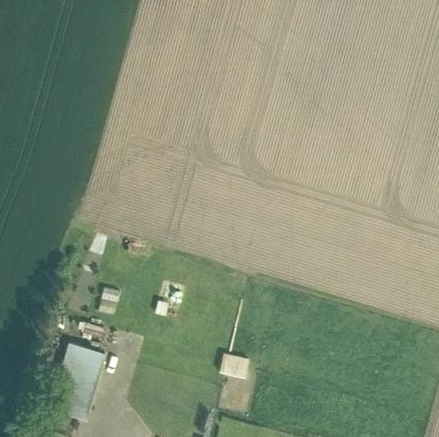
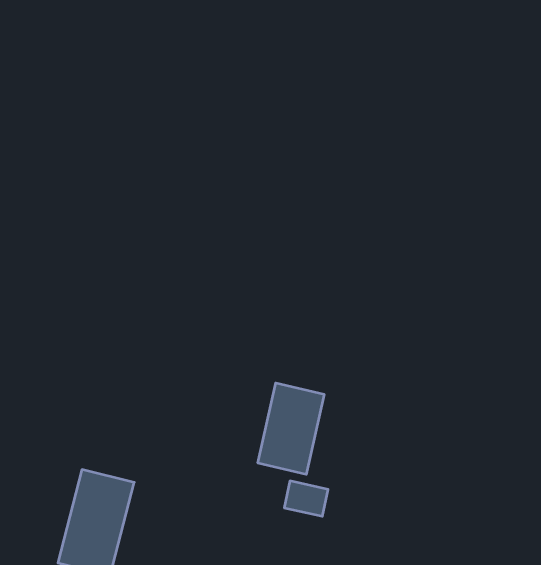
building: none -> [258,383,324,474]

